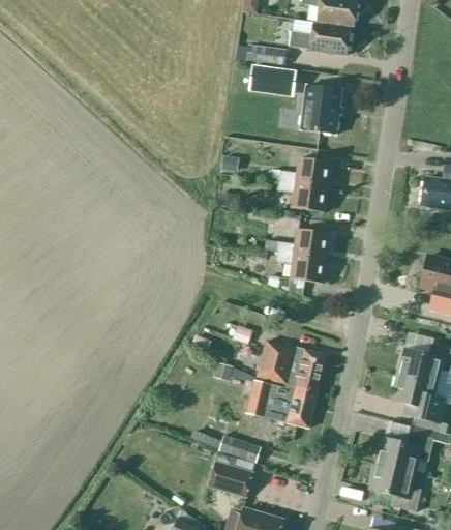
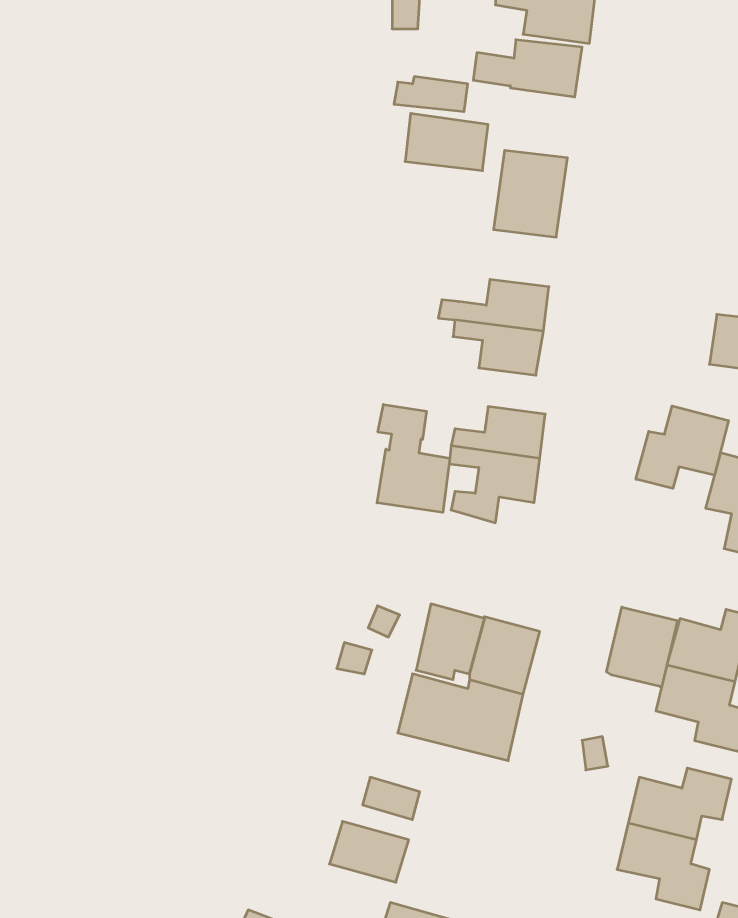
building: none -> [377,404,450,512]
building: none -> [636,406,729,488]
building: none -> [607,607,678,688]

